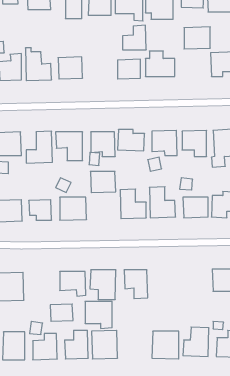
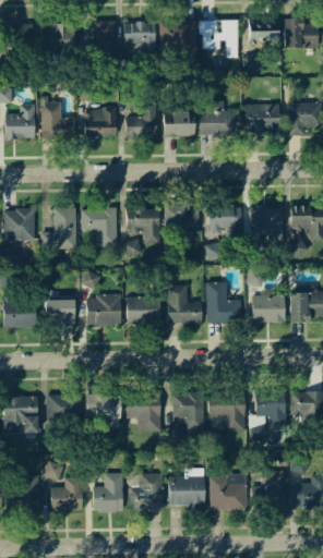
building: [123,25,146,50] -> [124,102,156,135]
building: [184,27,210,49] -> [244,104,279,133]
building: [90,171,116,193] -> [125,296,159,325]
building: none -> [207,393,244,432]
building: none -> [249,393,285,441]
building: [85,301,112,328] -> [168,475,204,511]
building: [50,304,73,321] -> [45,393,75,416]

